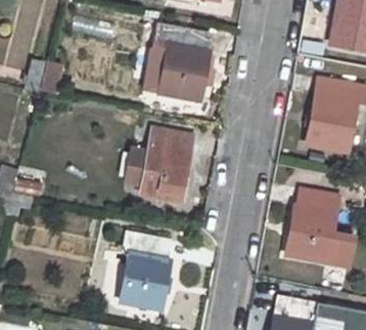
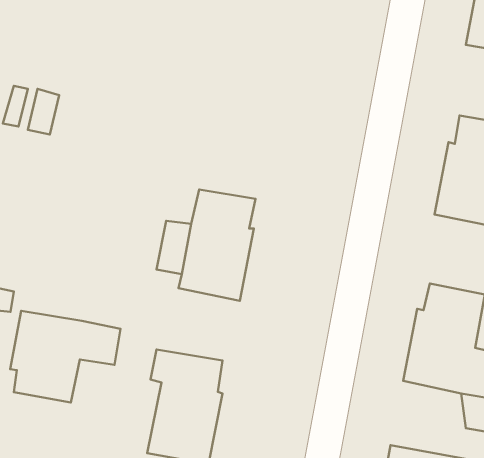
building: [155,25,210,100] -> none
building: none -> [10,311,120,402]

